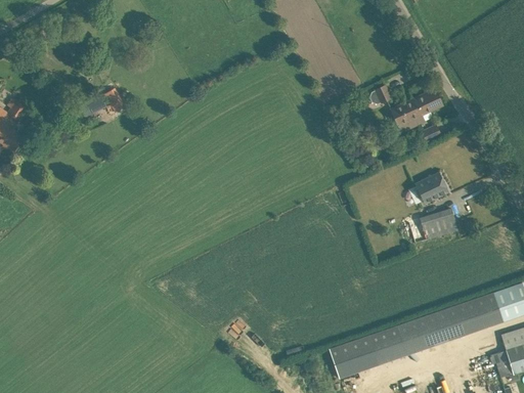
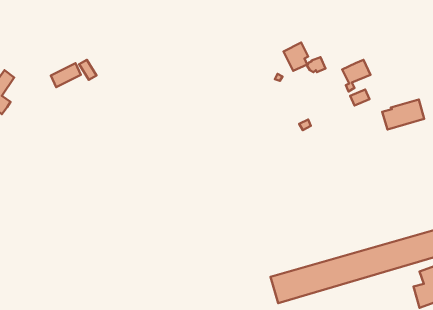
building: [391,100,420,133] -> [283,43,308,71]
building: [416,173,449,204] -> none
building: [409,209,458,244] -> [382,100,424,130]

